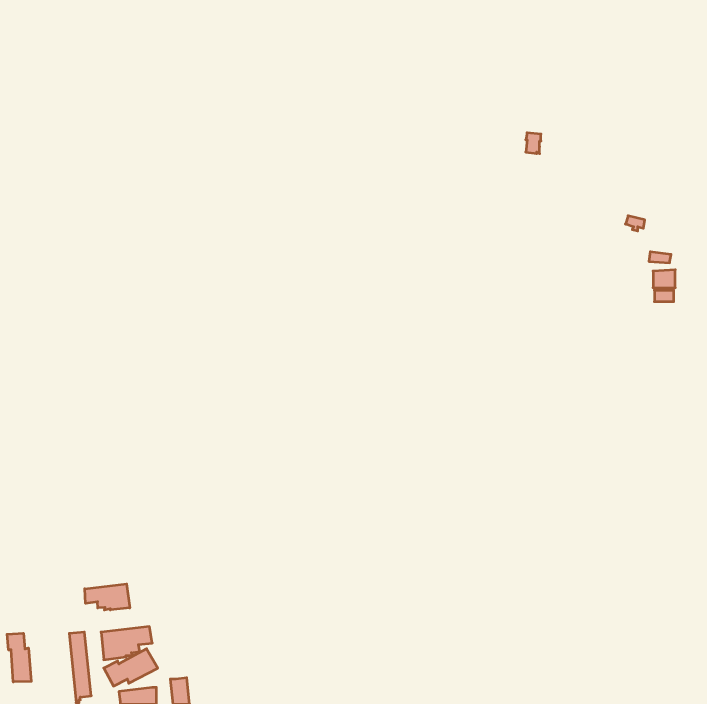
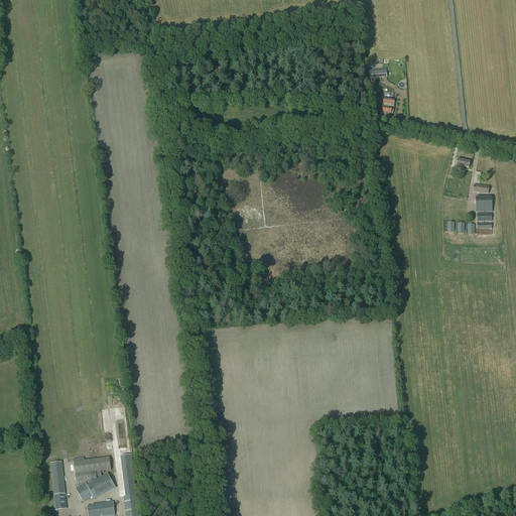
building: [85,584,130,610] -> none
building: [7,633,31,682] -> none

